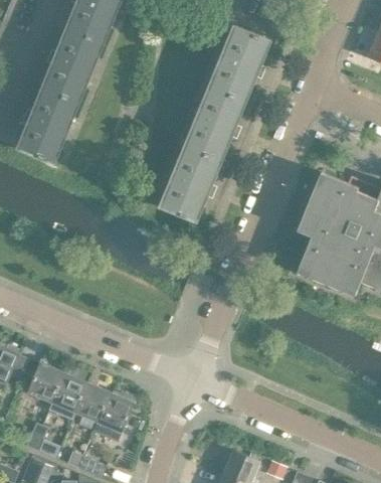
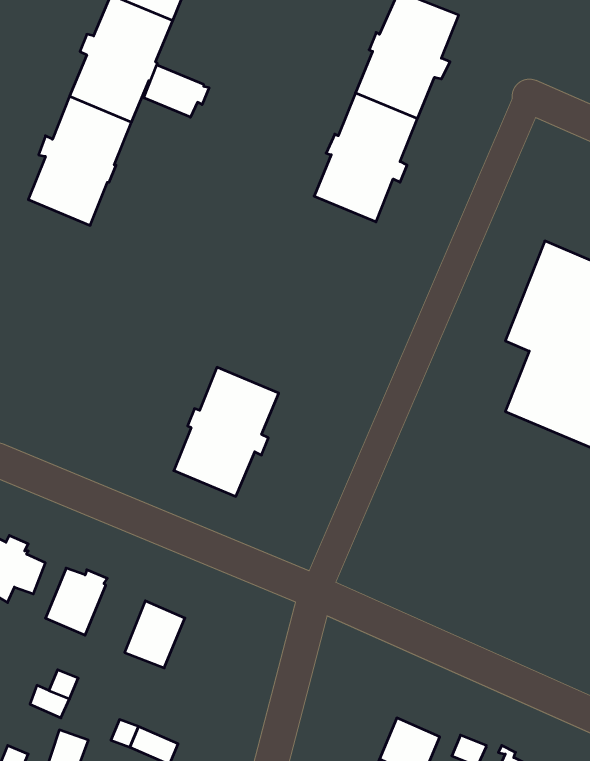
building: none -> [144,65,209,117]
building: [160,145,221,220] -> [174,367,279,496]
building: [47,372,86,419] -> none
building: [98,391,133,431] -> none

